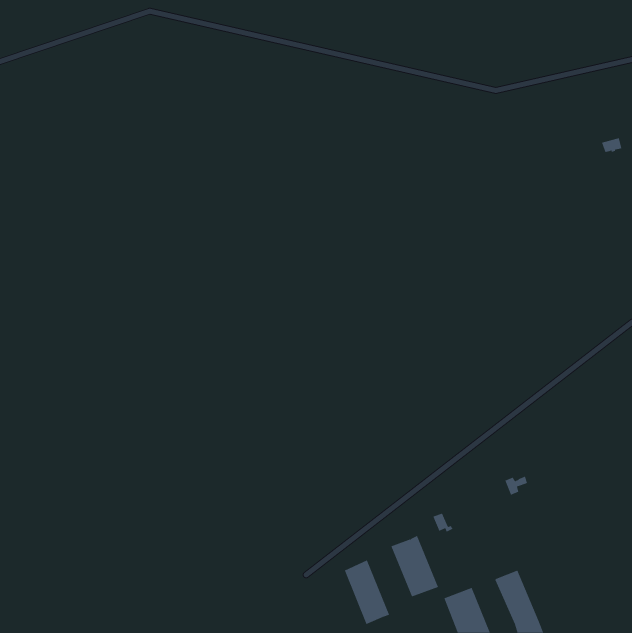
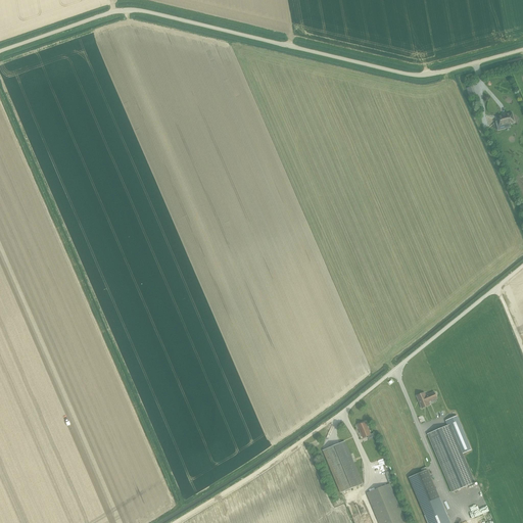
building: none -> [426,416,474,492]
building: [344,560,390,625] -> none

